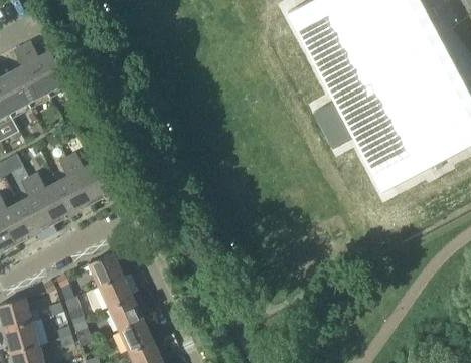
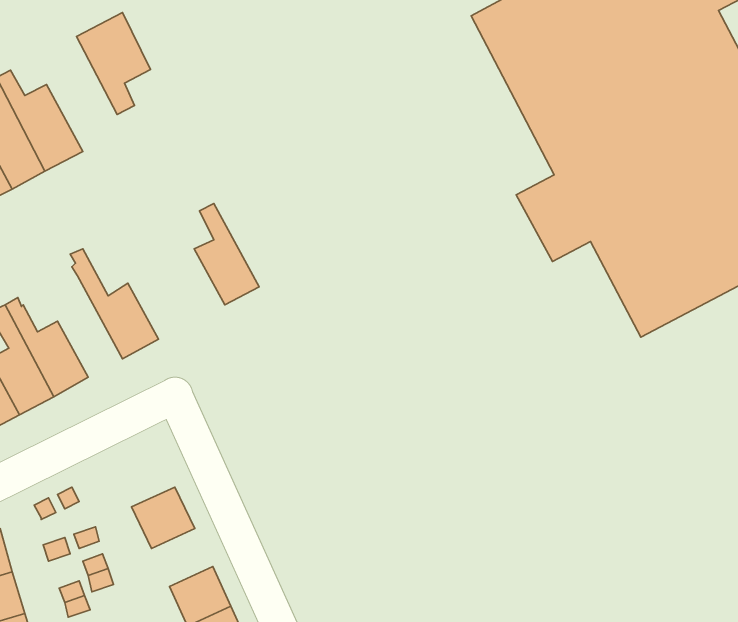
building: none -> [76,13,150,115]
building: [56,156,93,212] -> [194,204,259,305]
building: [88,251,122,285] -> none
building: [109,297,143,329] -> none

